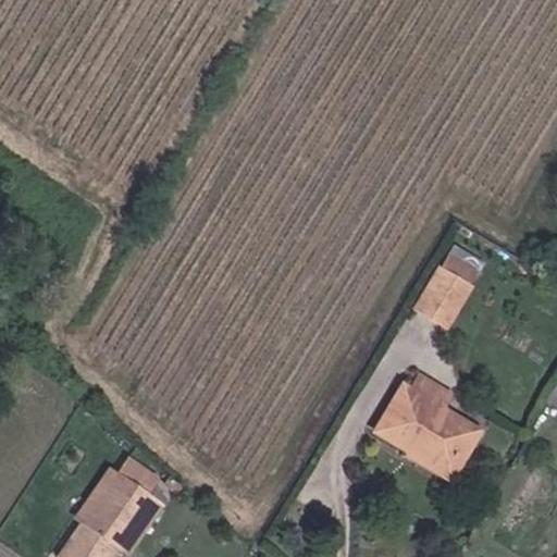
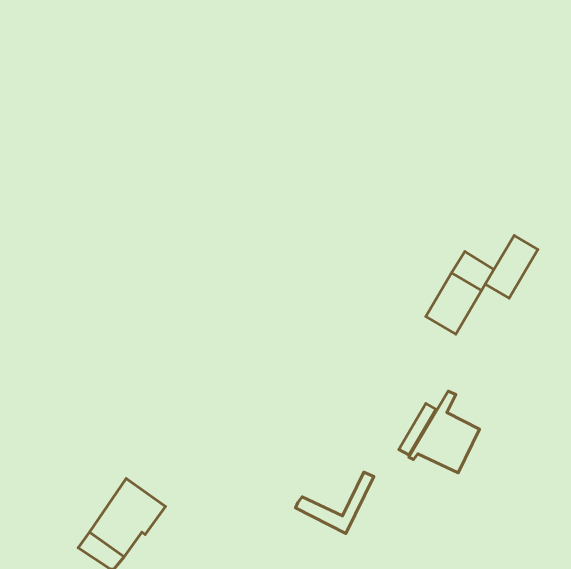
building: none -> [485,236,538,298]
building: [400,418,476,478] -> [296,472,374,534]

